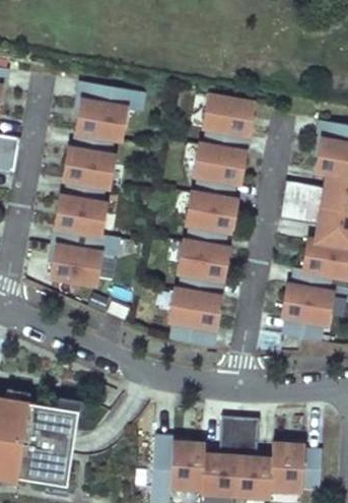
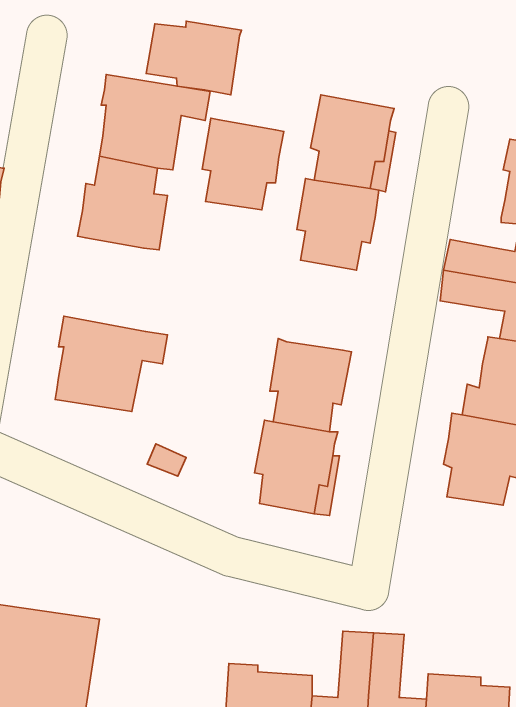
building: none -> [146,21,241,95]
building: [56,182,110,238] -> none
building: [187,194,235,249] -> [202,118,284,210]

